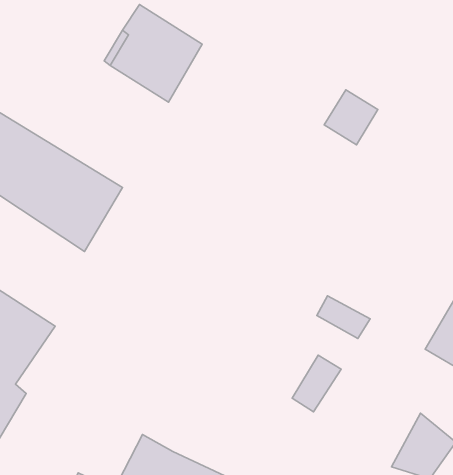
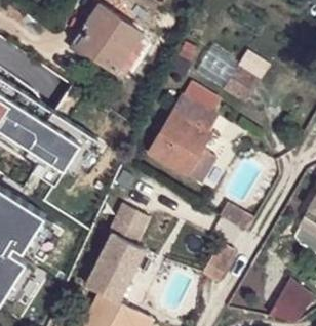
building: none -> [151,85,220,184]
building: none -> [86,206,151,305]

